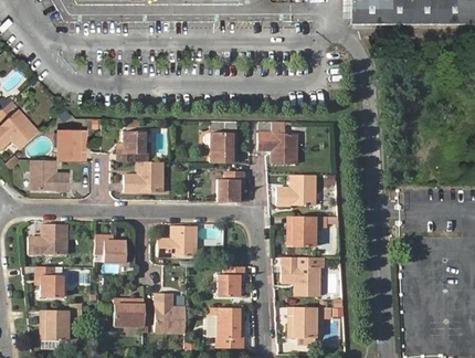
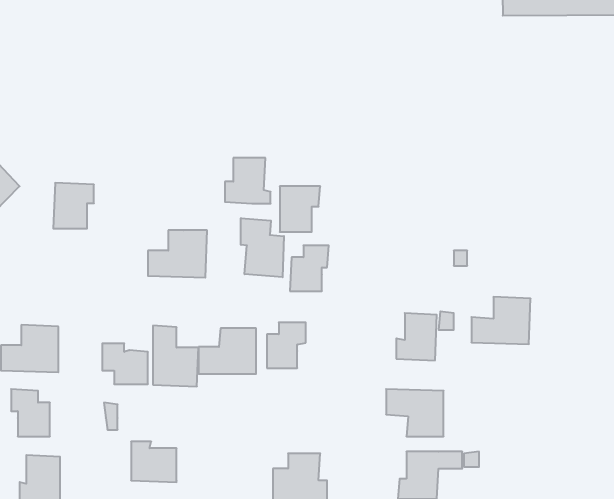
building: [117,131,147,161] -> [225,158,271,204]
building: [256,134,295,156] -> none
building: none -> [241,218,284,277]
building: [34,159,72,191] -> none
building: [275,173,314,204] -> [471,297,531,344]
building: [217,266,242,296] -> [267,322,306,368]
building: [155,293,184,333] -> [153,326,199,386]

